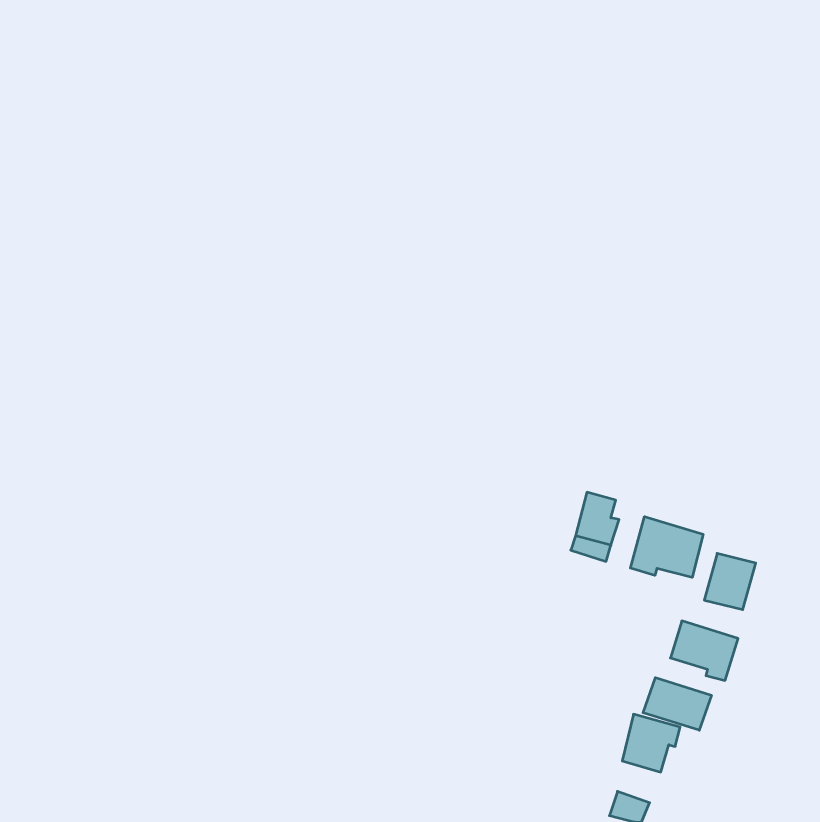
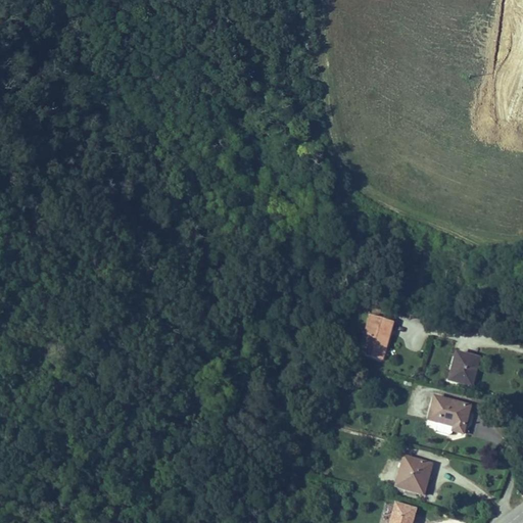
building: [630,517,703,577] -> none
building: [643,678,711,730] -> none

